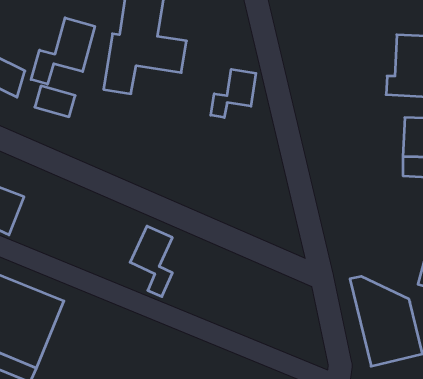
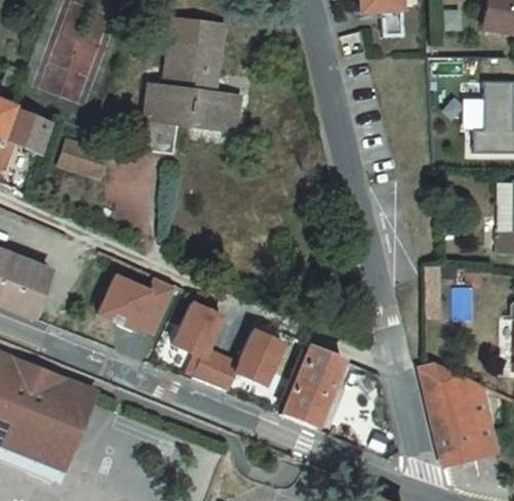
building: [31,18,95,84] -> none
building: [211,69,256,118] -> none
building: none -> [97,276,174,332]
building: none -> [209,331,282,391]
building: none -> [281,343,343,432]

